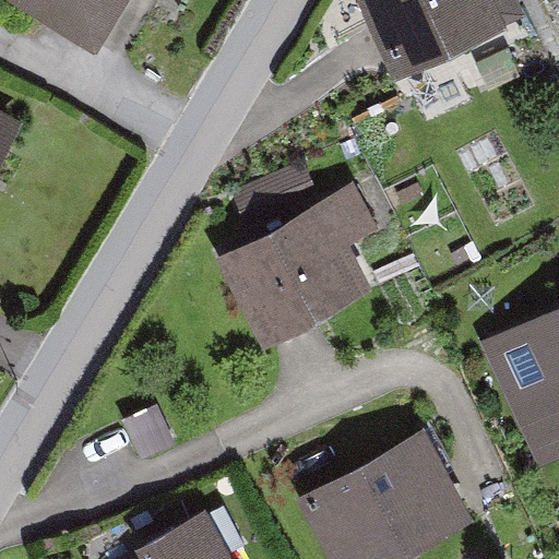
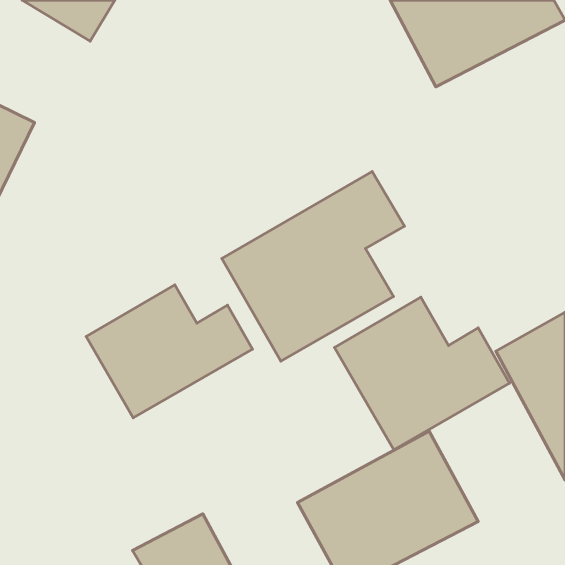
building: none -> [86,285,252,418]
building: none -> [335,297,510,450]

